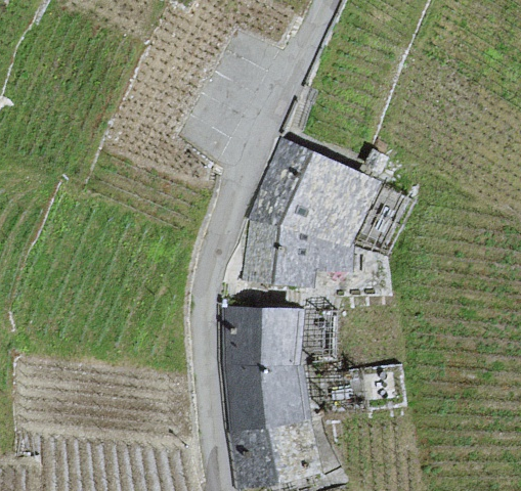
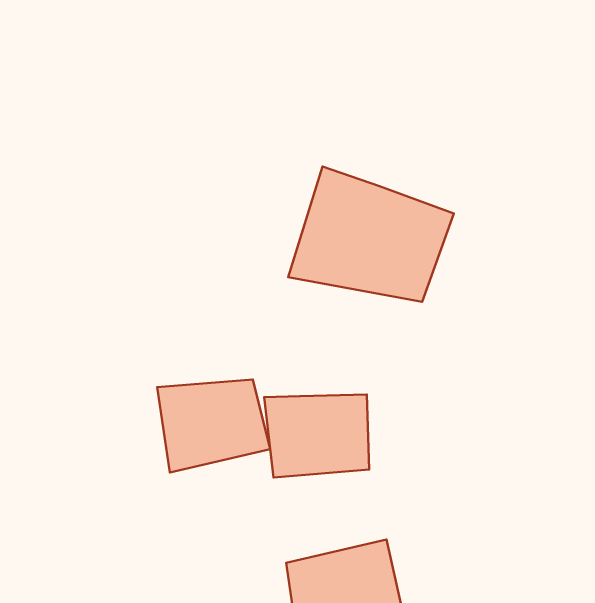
building: [246,220,348,287] -> none
building: [230,365,310,430] -> [157,379,270,473]

